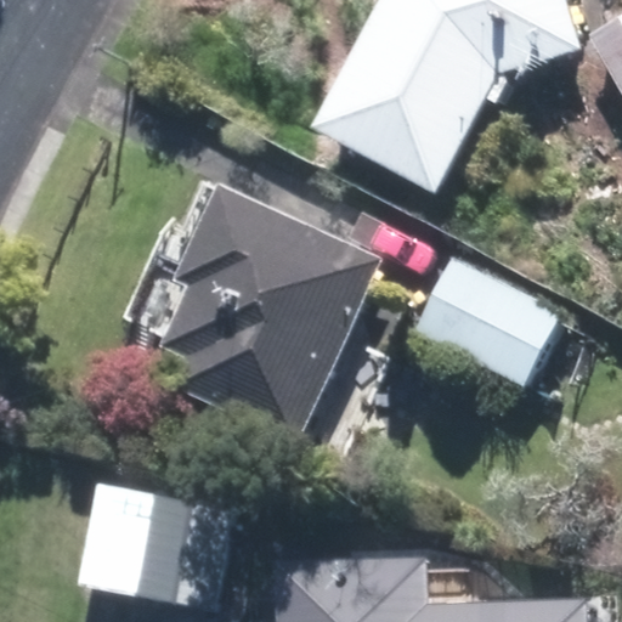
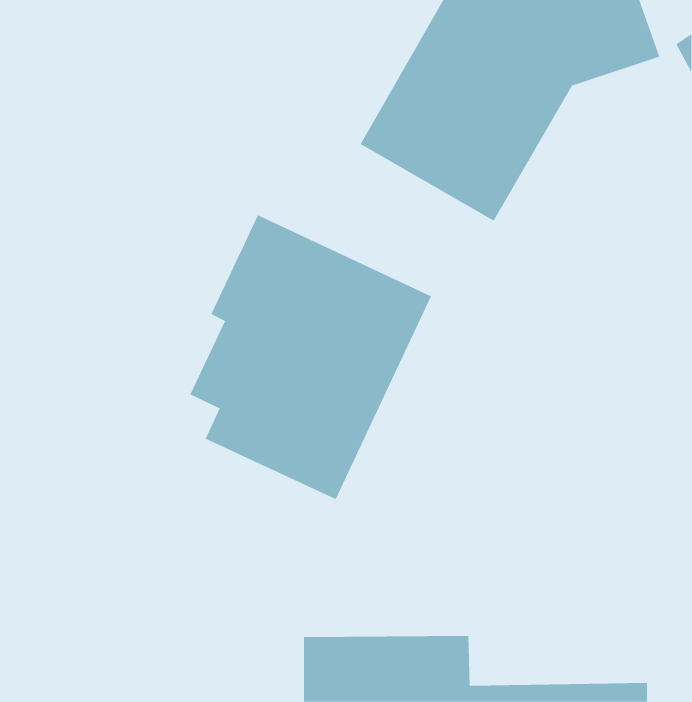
building: [418,260,555,383] -> none
building: [81,485,225,606] -> none

